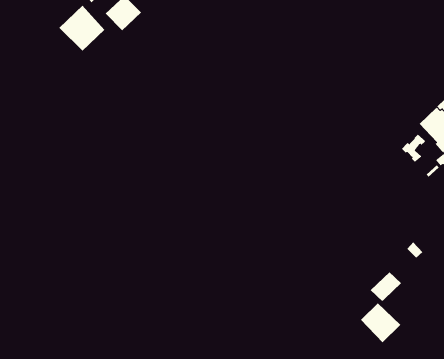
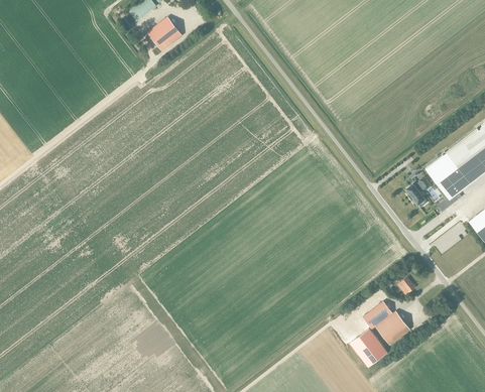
building: [58,5,105,52] -> none
building: none -> [376,311,410,345]

